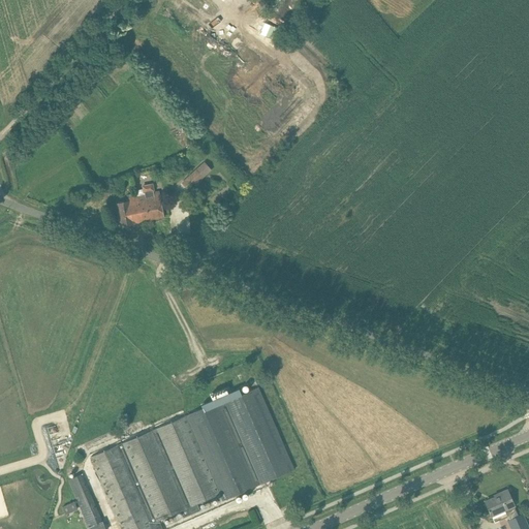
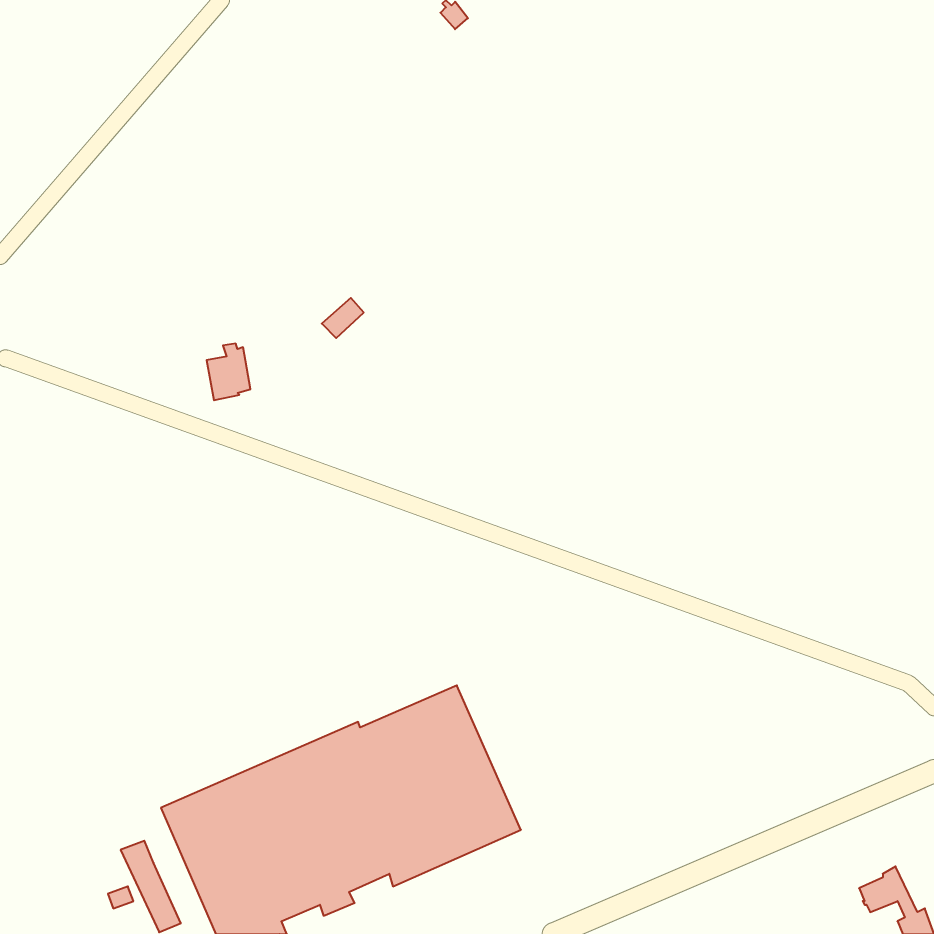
building: [137,183,163,220] -> none

